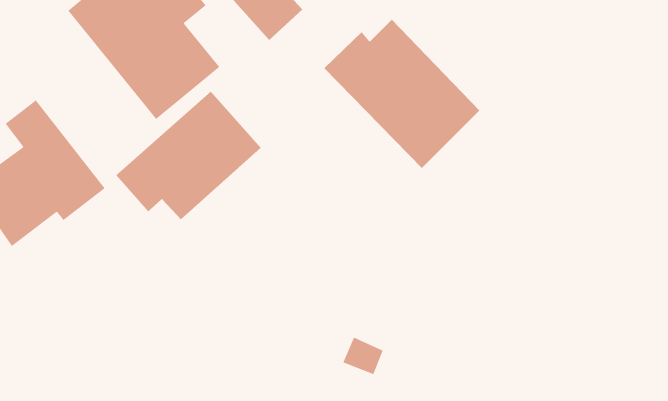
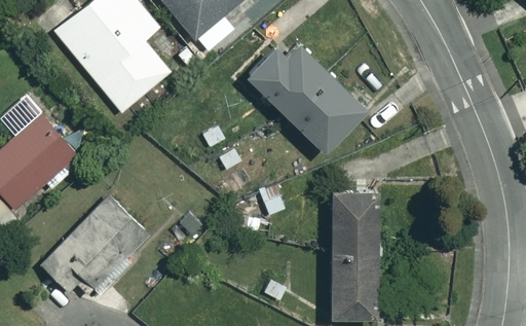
building: [116,91,261,220] -> [42,197,152,295]
building: none -> [327,187,378,315]

